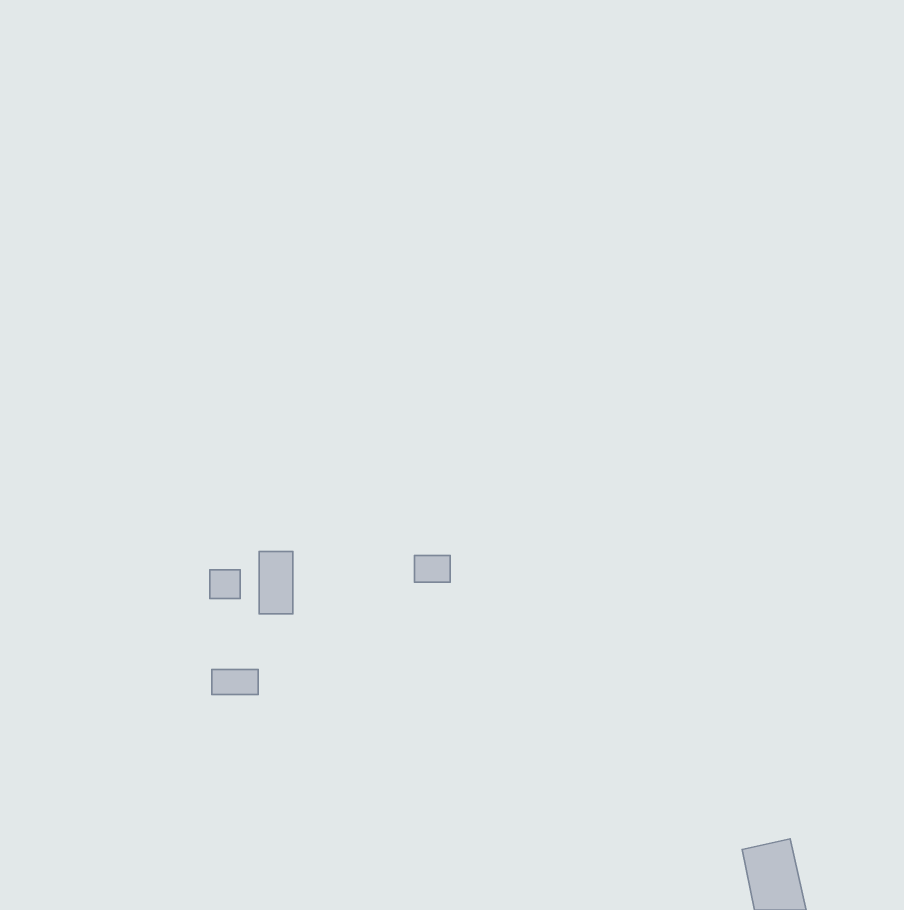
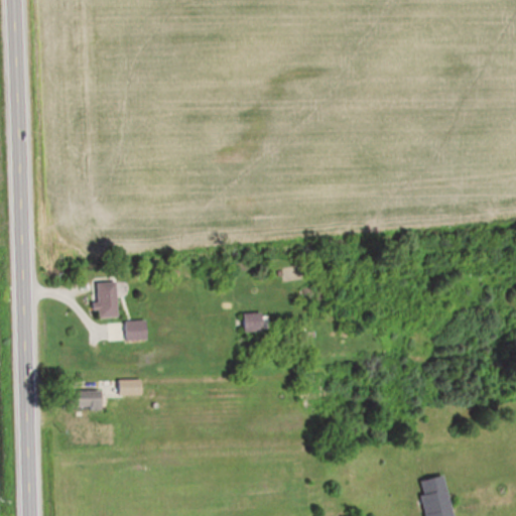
building: [259,552,293,614] -> [93,282,112,317]
building: none -> [87,391,109,408]

